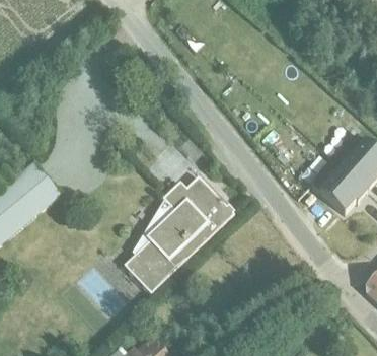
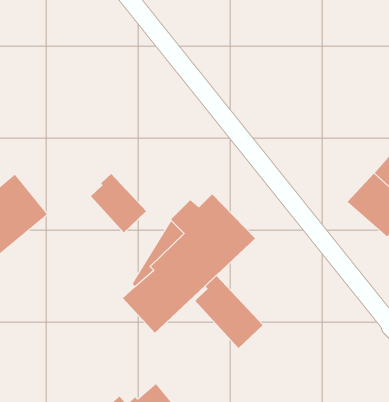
building: none -> [90,173,147,233]
building: none -> [194,275,263,349]

